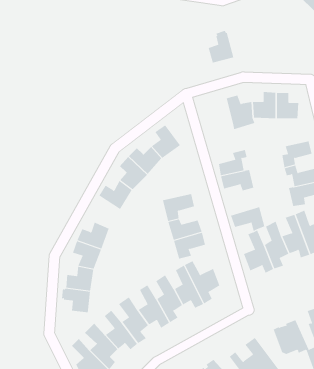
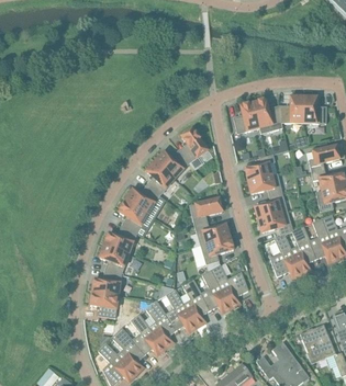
building: [208,30,234,63] -> [233,100,259,133]
building: none -> [254,192,287,219]
building: none -> [119,200,147,232]

